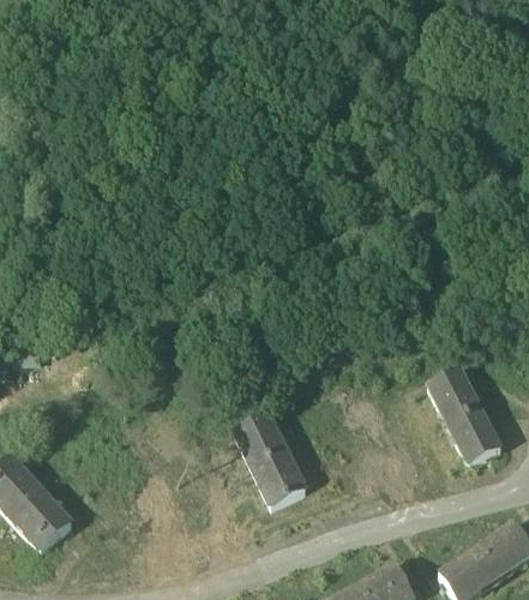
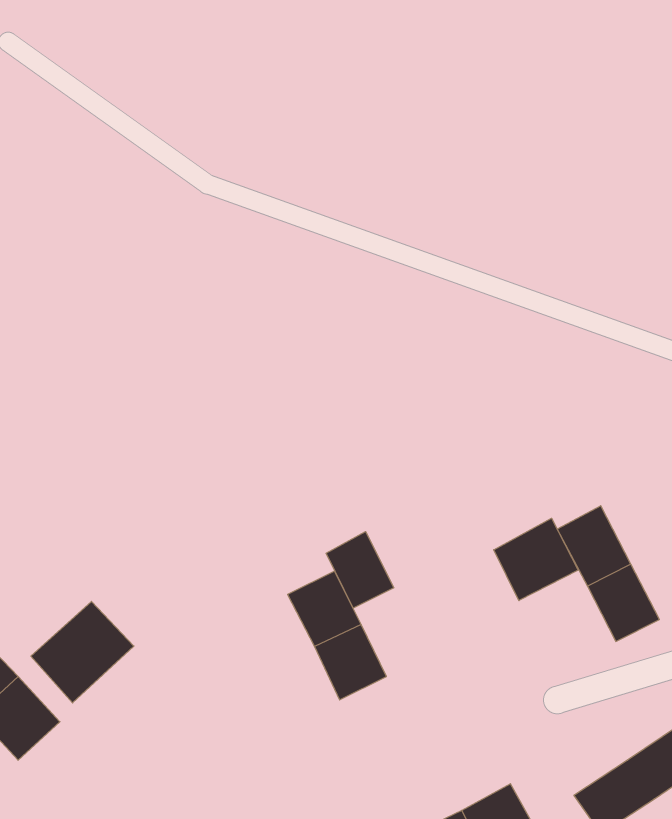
building: none -> [494,518,578,601]
building: none -> [326,532,394,608]
building: none -> [31,601,134,703]

